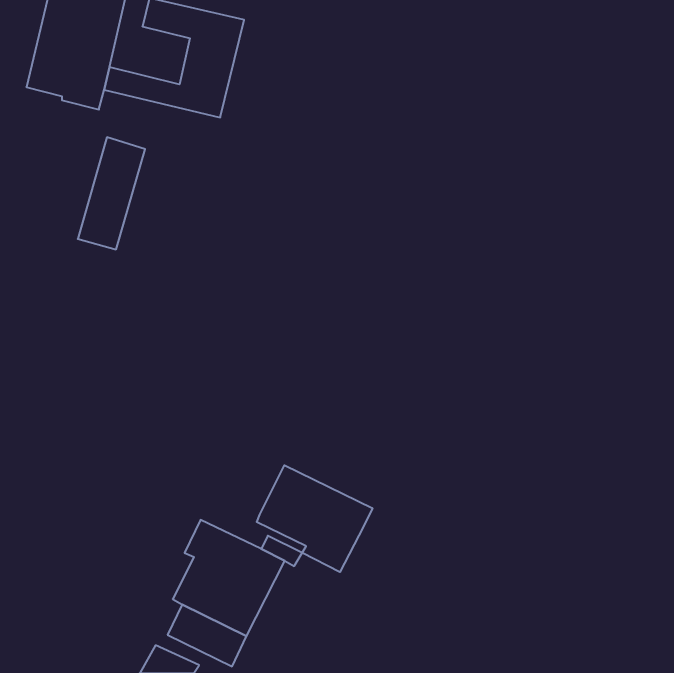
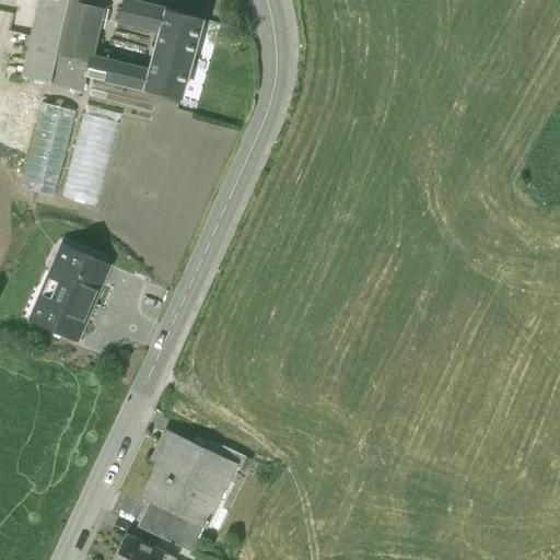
building: none -> [21,103,74,194]
building: none -> [30,244,110,341]
building: [257,465,372,572] -> none

